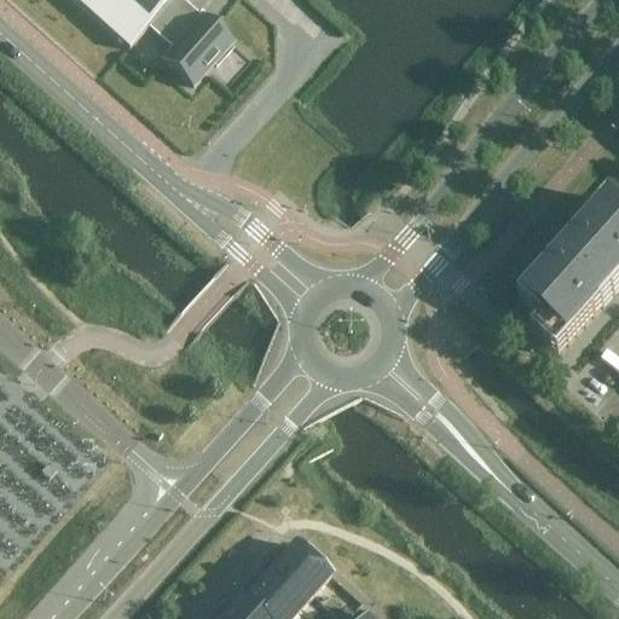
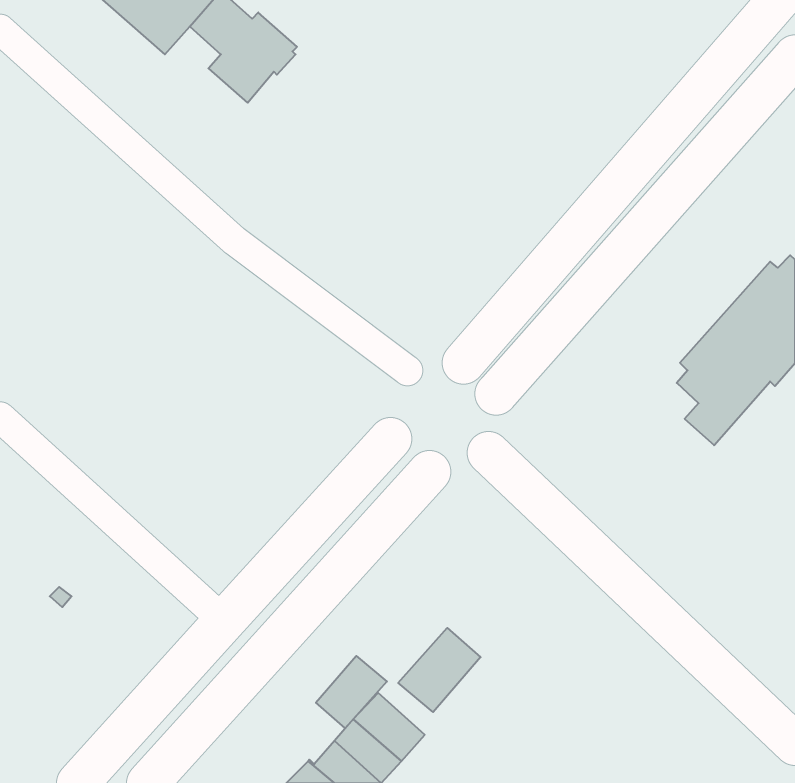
building: none -> [398,628,481,712]
building: none -> [316,656,387,728]

